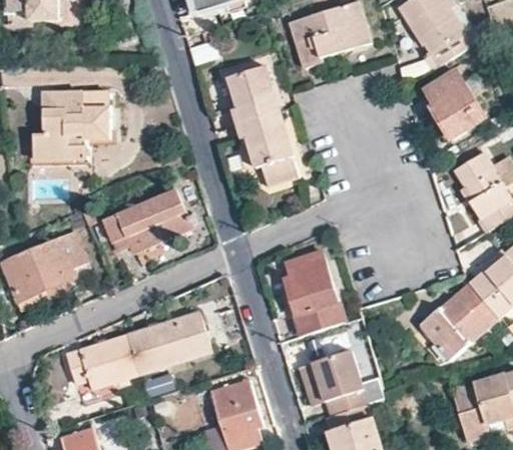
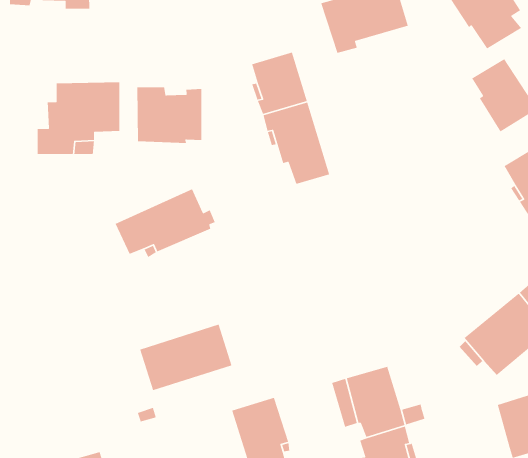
building: none -> [137,87,202,144]
building: [5,235,85,300] -> none
building: [284,253,343,336] -> none
building: [65,335,138,387] -> none

